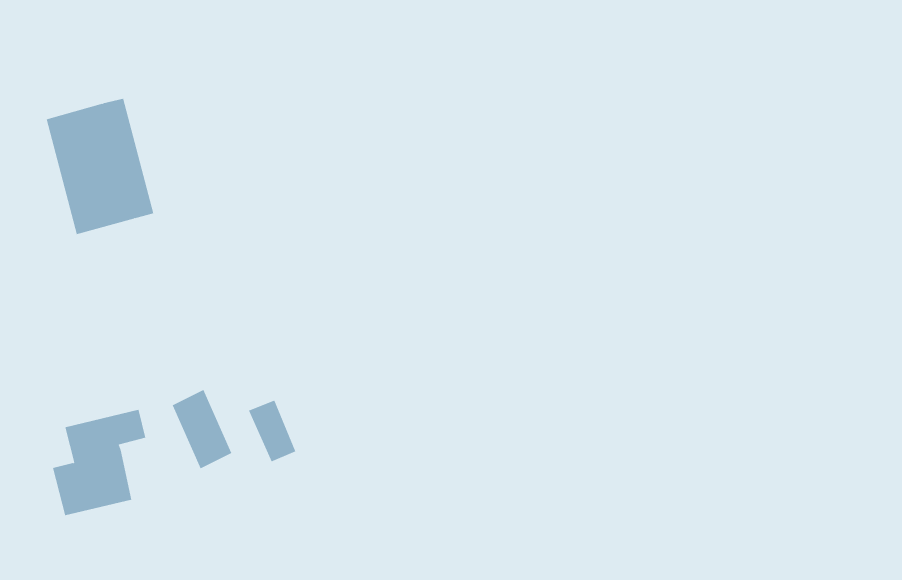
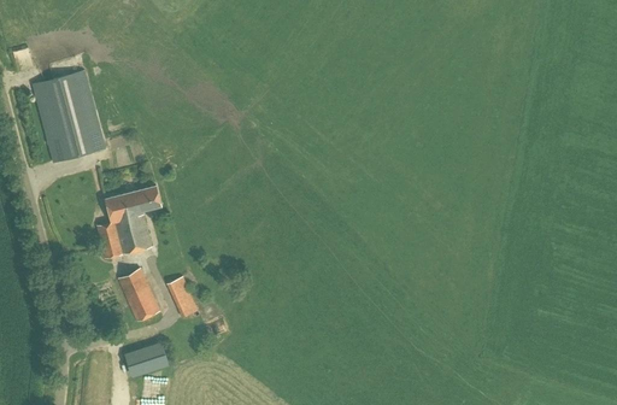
building: [52,409,146,516] -> [96,186,160,258]
building: none -> [124,341,169,377]

